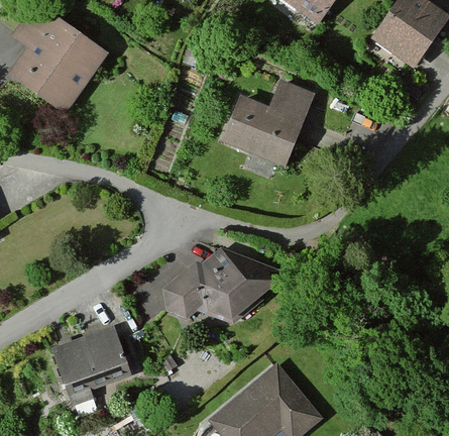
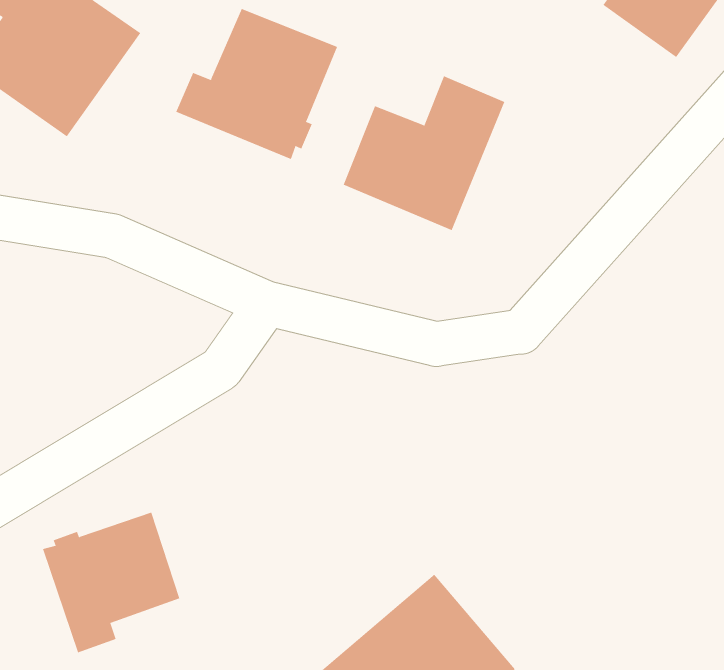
building: none -> [175,8,338,160]
building: [162,247,265,322] -> none

